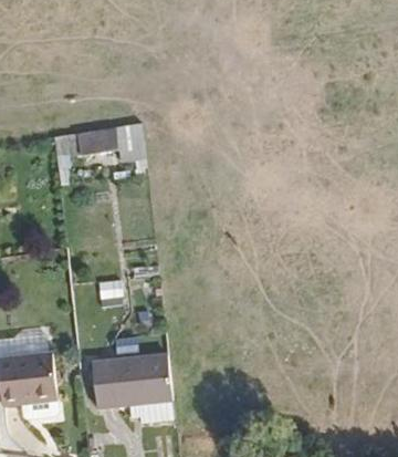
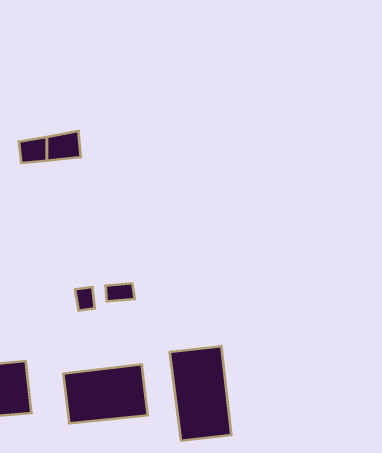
building: [109,125,144,162] -> none
building: none -> [170,346,231,441]

